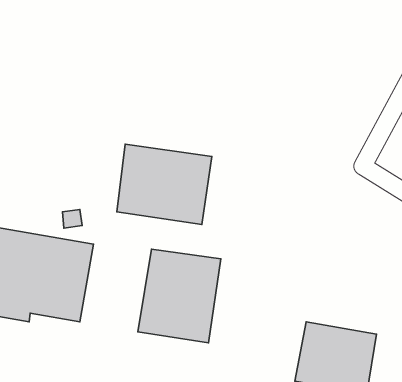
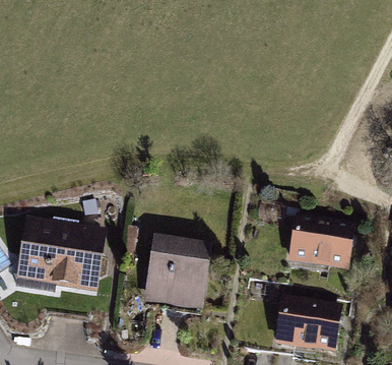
building: [117,144,212,225] -> none
building: none -> [288,214,354,270]

